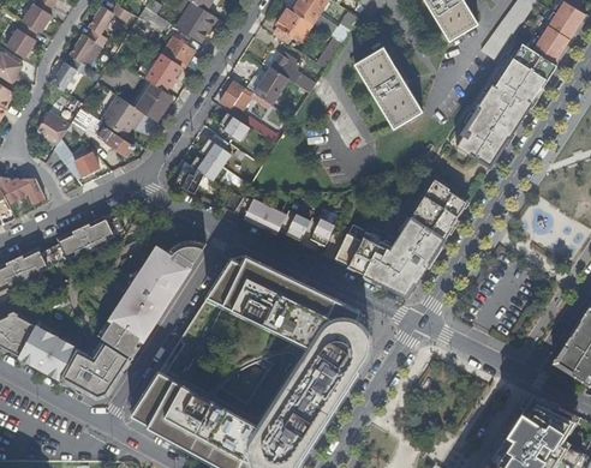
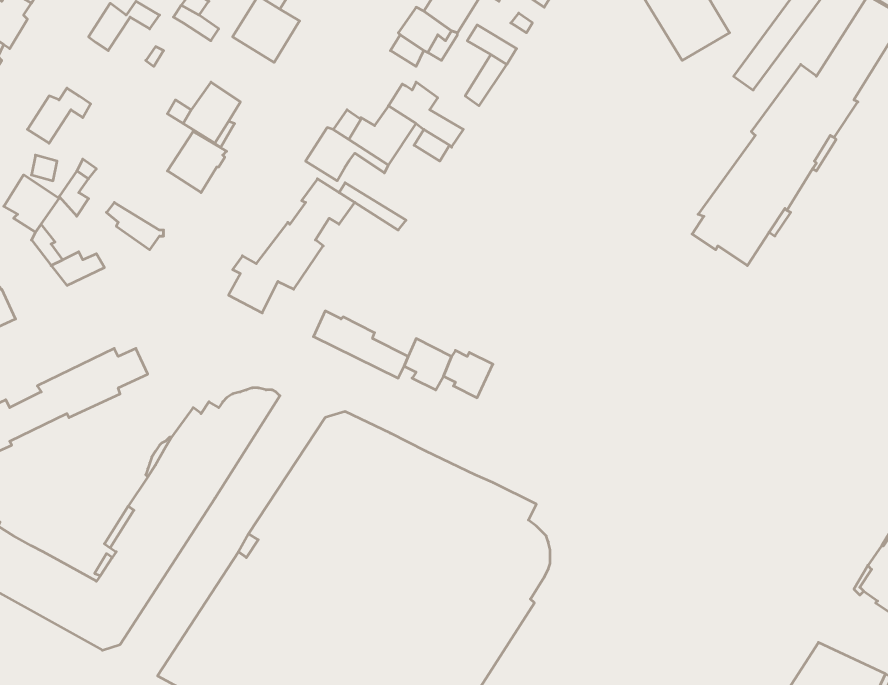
building: [68,30,107,62] -> none
building: [161,36,193,67] -> none
building: [354,47,422,128] -> none
building: [100,96,144,137] -> none
building: [335,180,465,296] -> none

